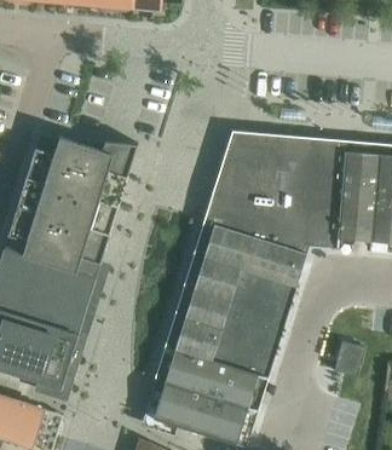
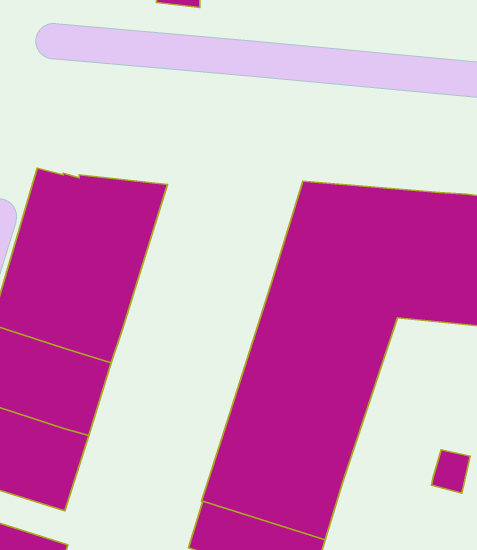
building: [203,129,341,220] -> none

